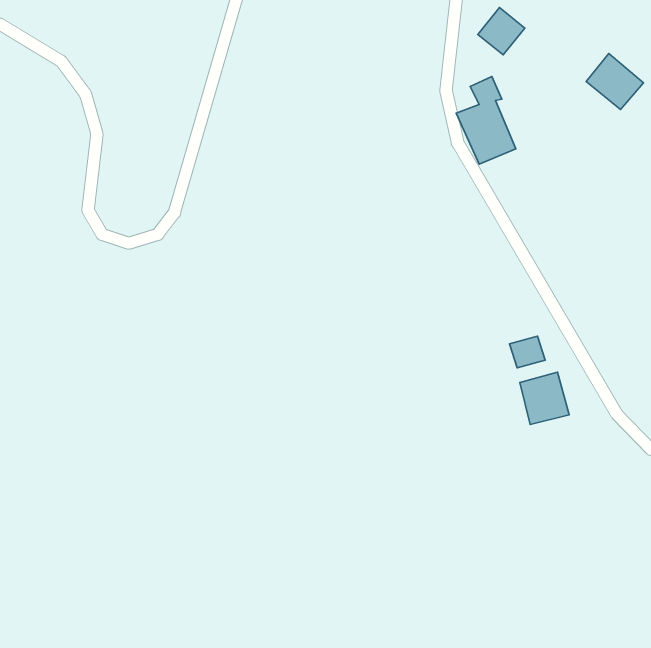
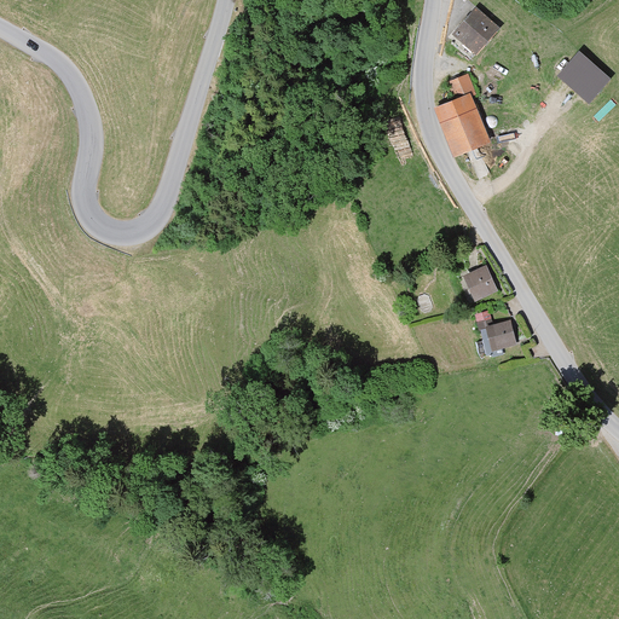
building: none -> [462,265,497,301]
building: [520,372,569,425] -> none

